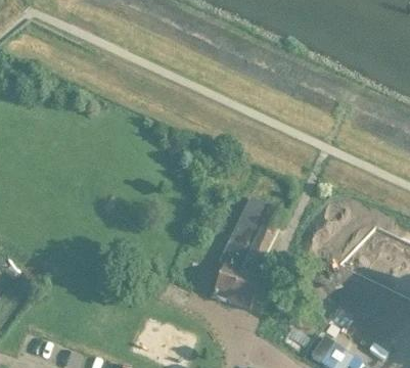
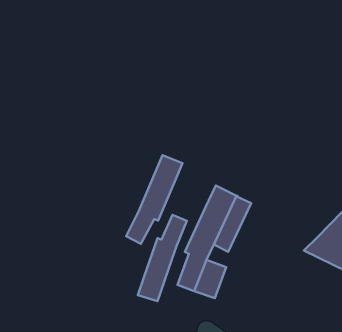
building: none -> [126,155,182,244]
building: none -> [138,215,187,301]

